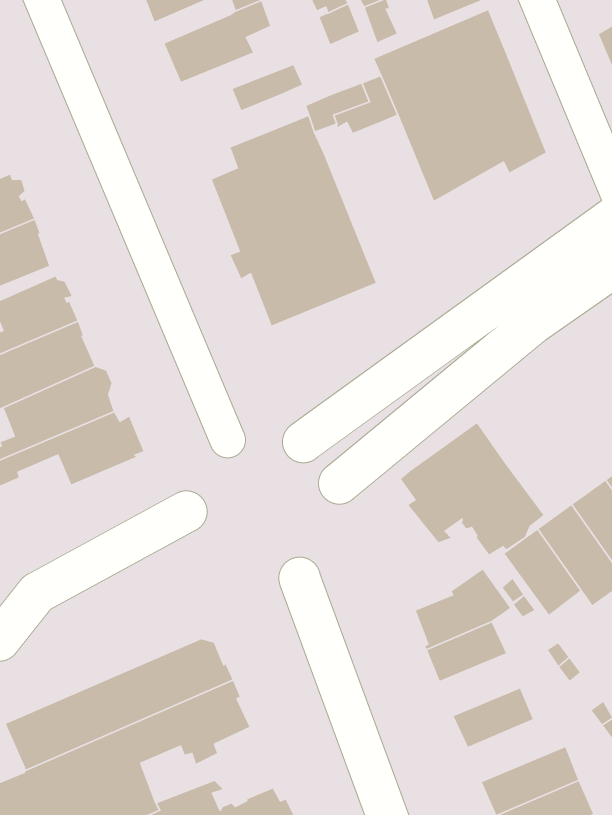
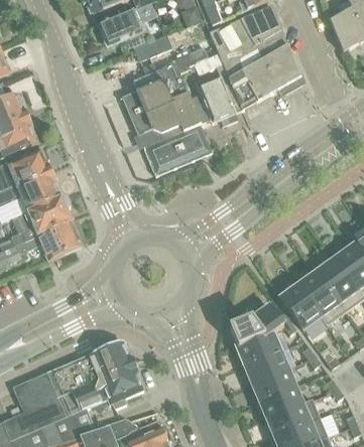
building: none -> [192,78,237,125]
building: [400,422,544,556] -> none
building: none -> [245,349,288,383]
building: none -> [260,385,313,418]

